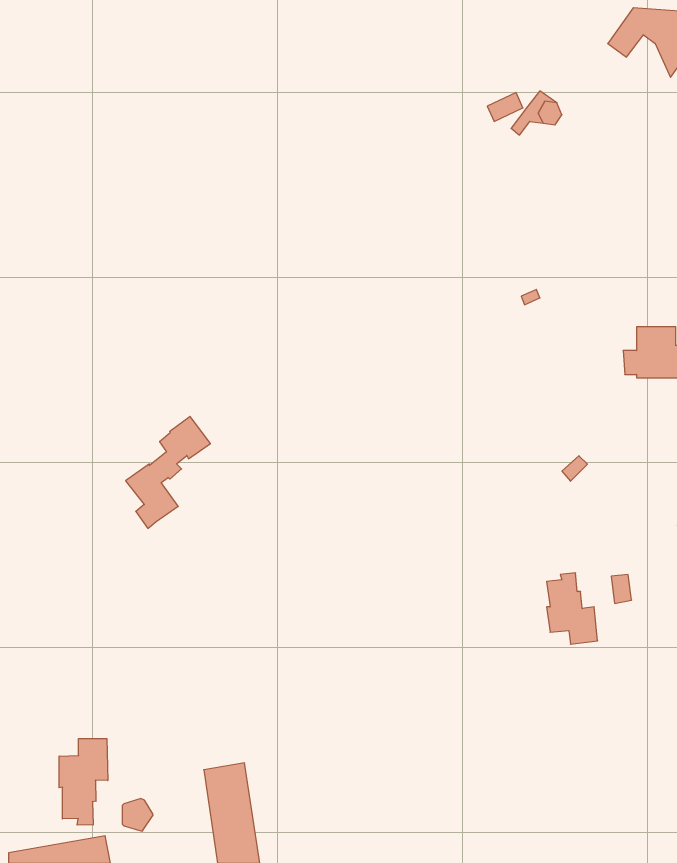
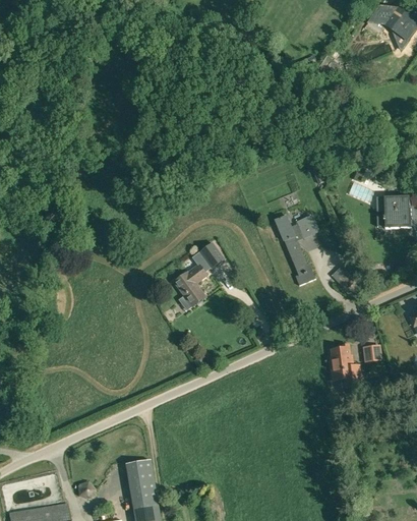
building: none -> [275,215,317,285]
building: [126,416,210,528] -> [173,242,224,309]
building: [59,739,108,825] -> none

